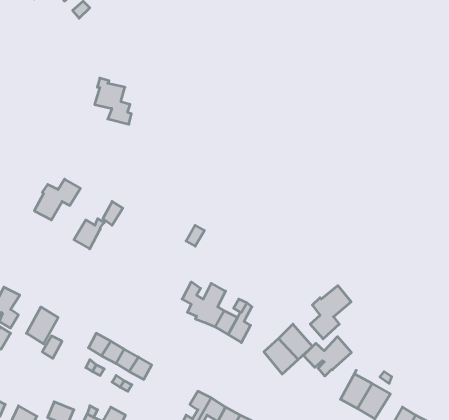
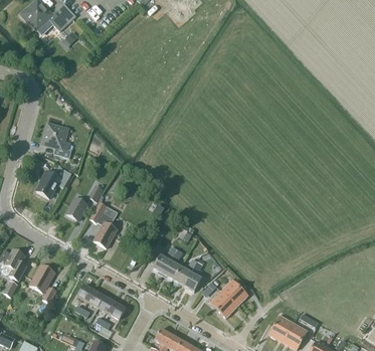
building: [95,78,131,124] -> [42,123,70,158]
building: none -> [88,202,117,248]
building: [310,286,351,339] -> none
building: [304,337,351,376] -> none

